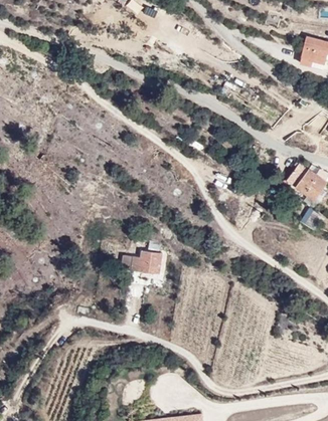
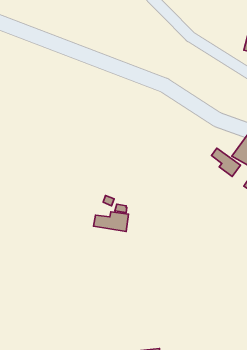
building: none -> [211,148,240,177]

